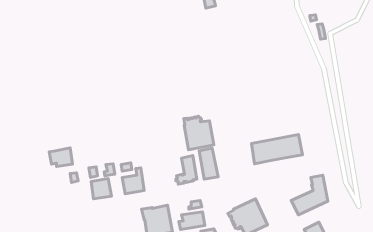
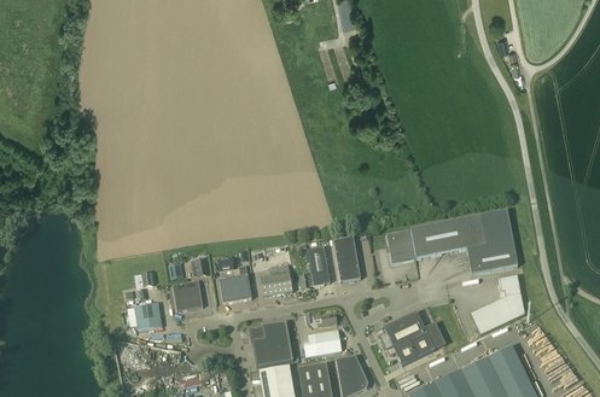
building: [184,116,214,150] -> none
building: none -> [466,210,518,274]
building: none -> [386,228,414,263]
building: [49,148,73,167] -> [127,302,162,329]
building: none -> [260,263,292,296]

